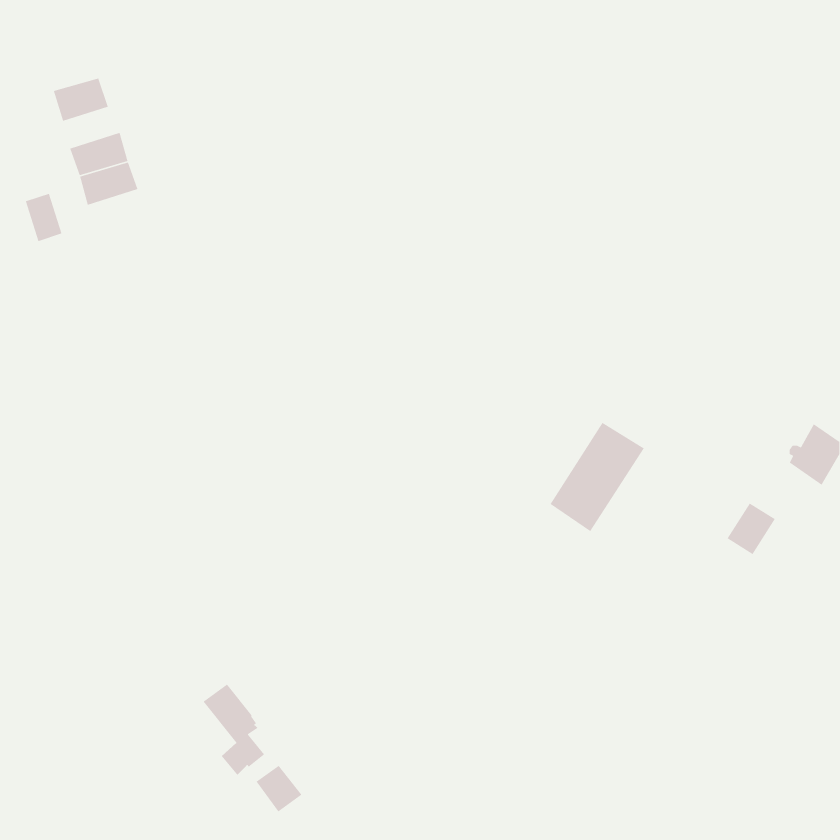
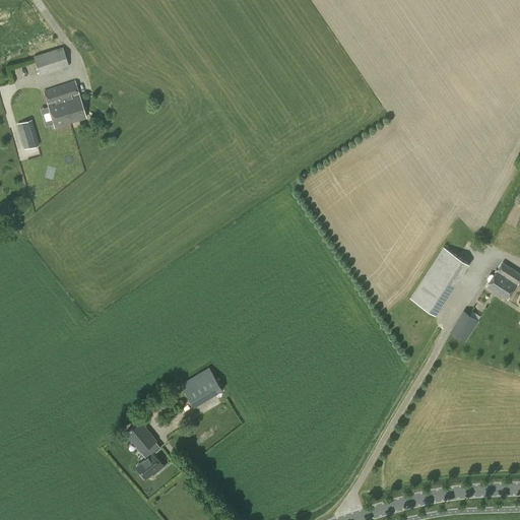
building: [549,422,645,532] -> [410,247,469,315]
building: none -> [181,368,222,407]
building: [256,765,302,813] -> none

